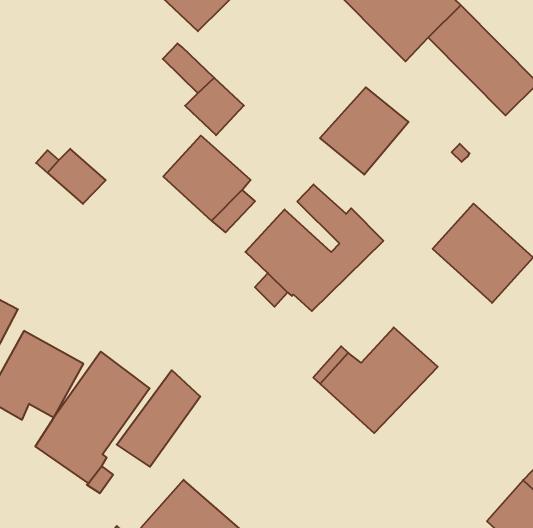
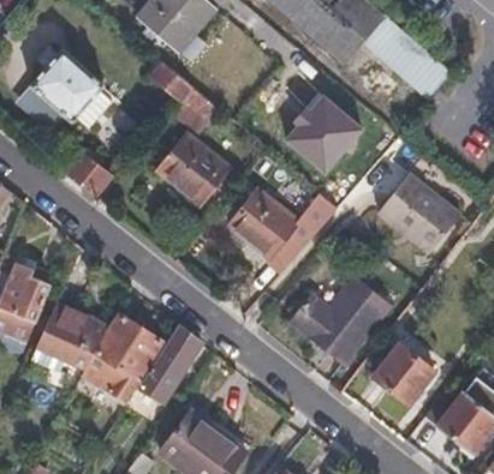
building: none -> [30,49,103,122]
building: none -> [374,343,431,402]

